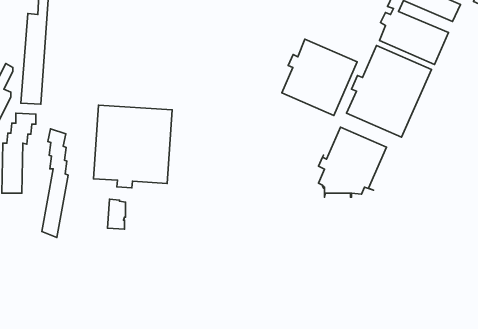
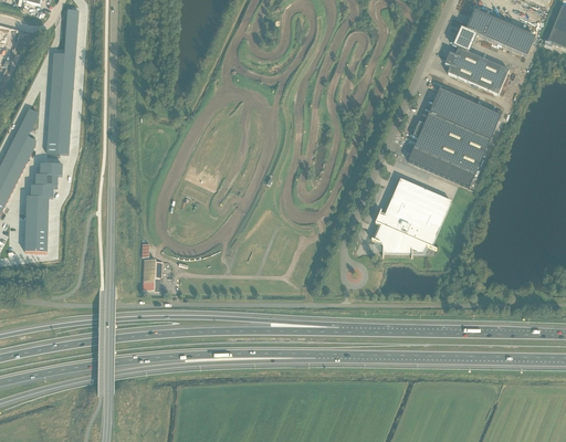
building: [282,39,357,116] -> none
building: [93,105,172,188] -> none
building: [42,129,68,238] -> none

